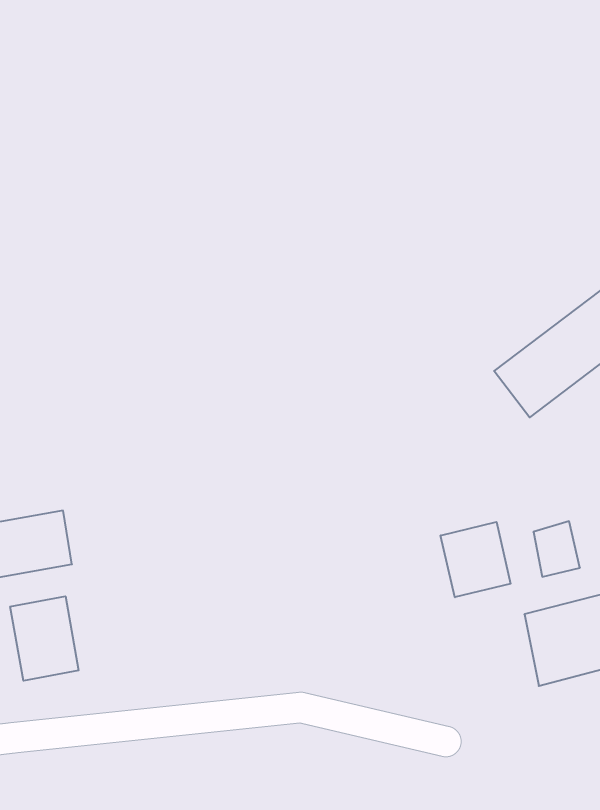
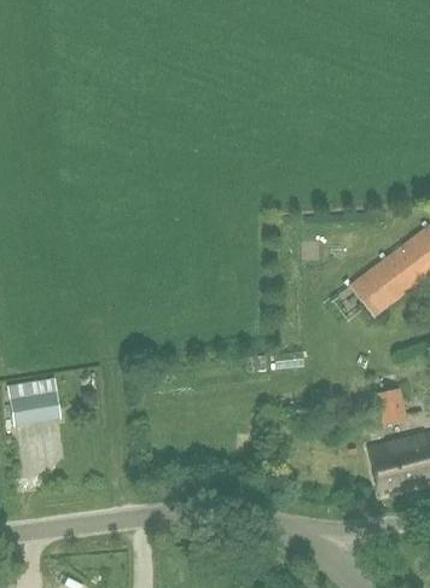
building: [441,522,511,597] -> none
building: [10,596,79,681] -> none

